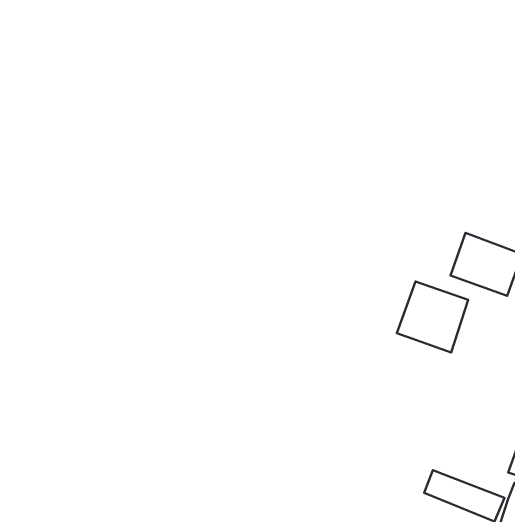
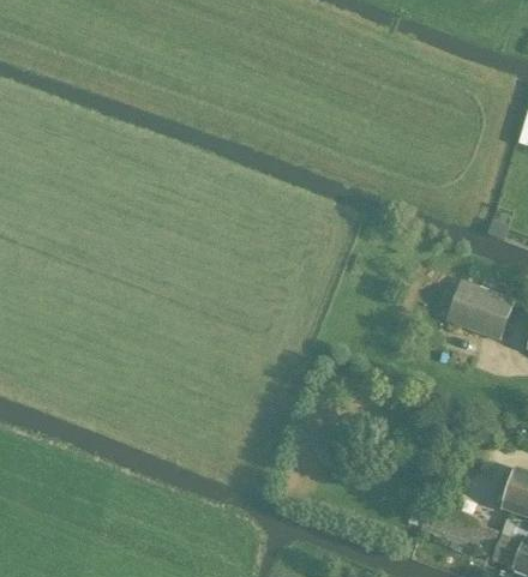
building: [397,281,468,353] -> none

